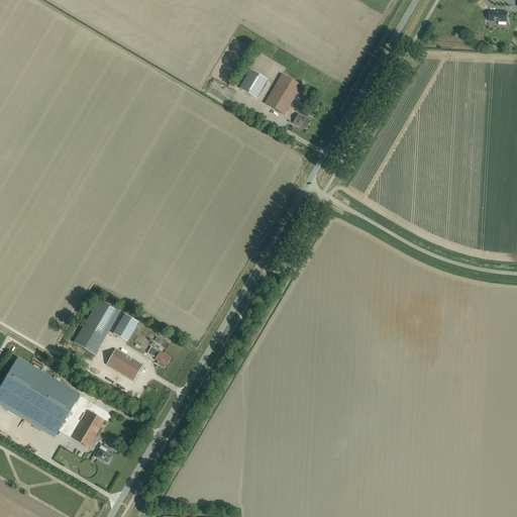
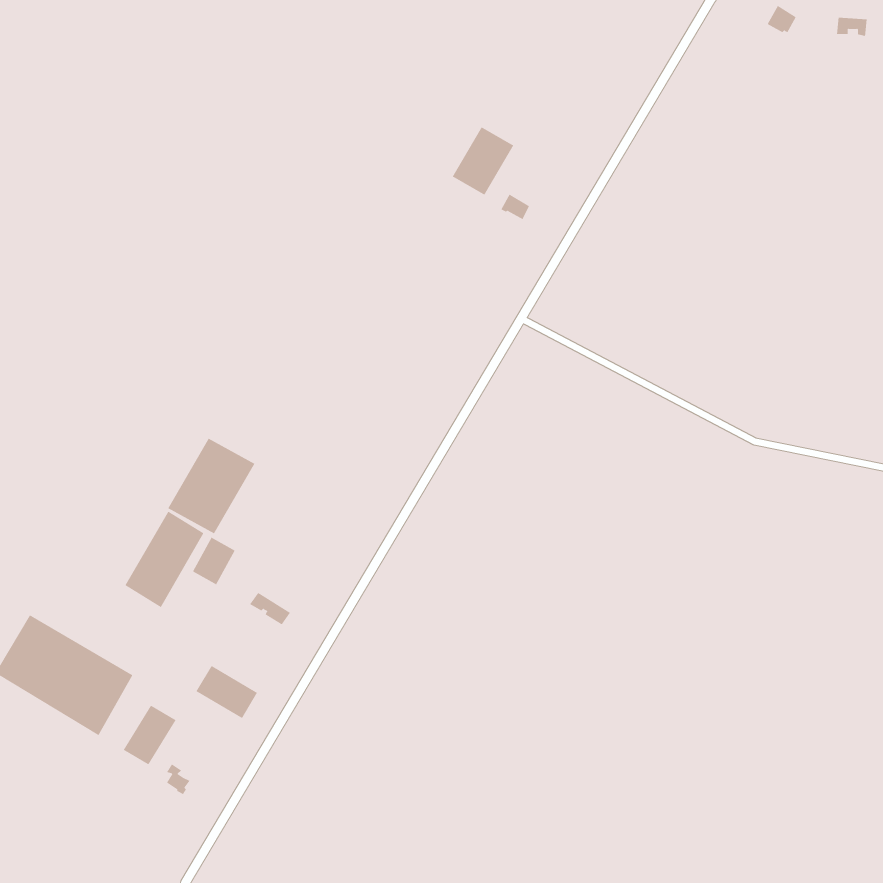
building: [238,69,266,97] -> none
building: none -> [167,438,255,534]
building: [105,348,141,380] -> [196,665,258,719]

